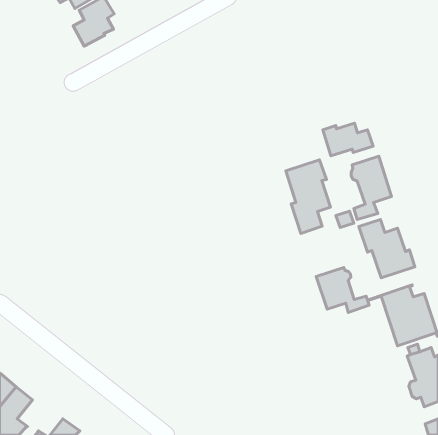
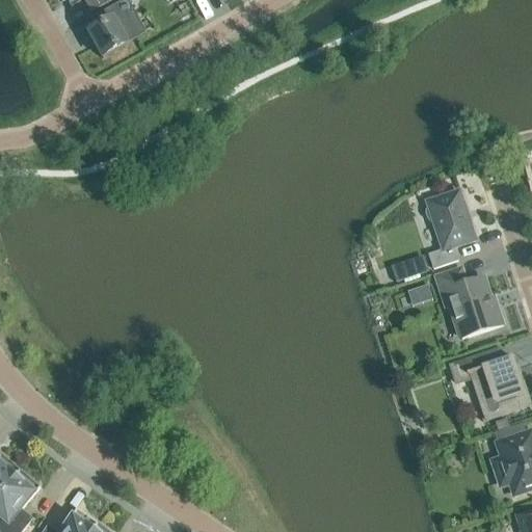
building: [323,123,373,156] -> none
building: [286,160,330,233] -> none
building: [316,267,369,313] -> none

